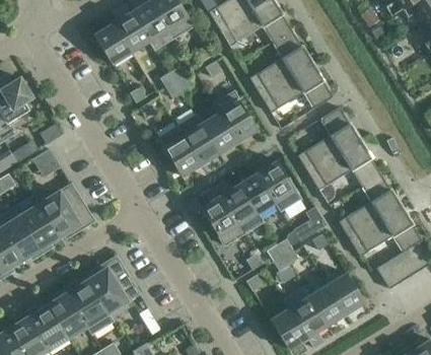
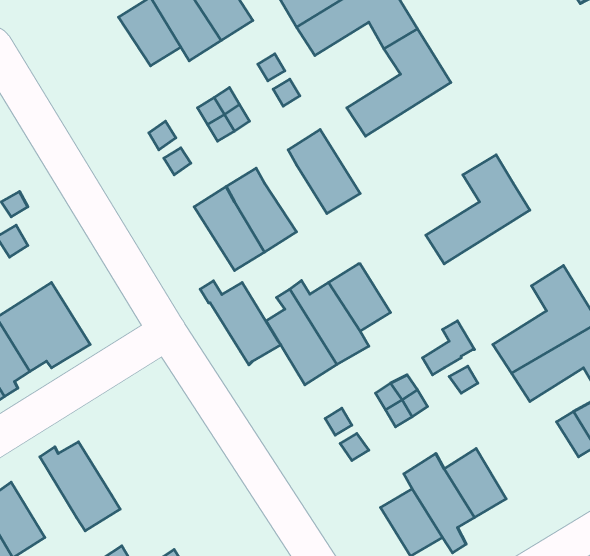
building: [93,23,131,64] -> none
building: [261,63,333,113] -> none
building: [200,113,237,153] -> none
building: [308,140,380,202] -> none
building: [252,159,300,210] -> [200,281,281,365]
building: [87,257,139,312] -> none
building: [328,273,364,314] -> none
building: [47,289,86,338] -> none

